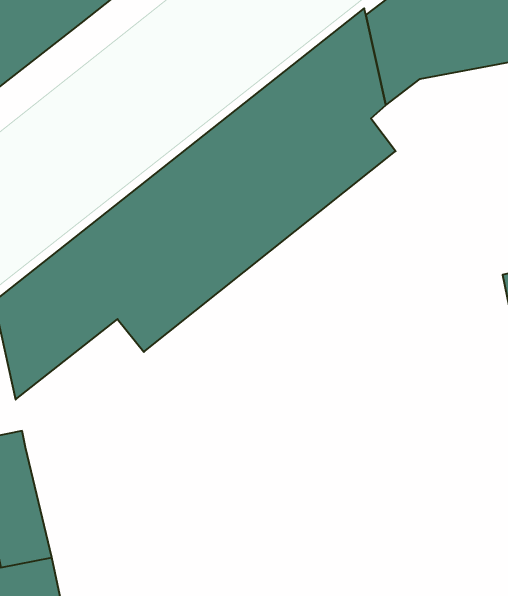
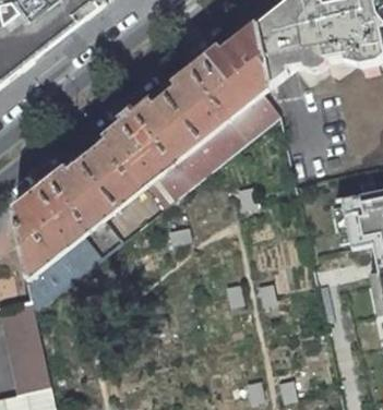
building: none -> [26,225,111,310]

